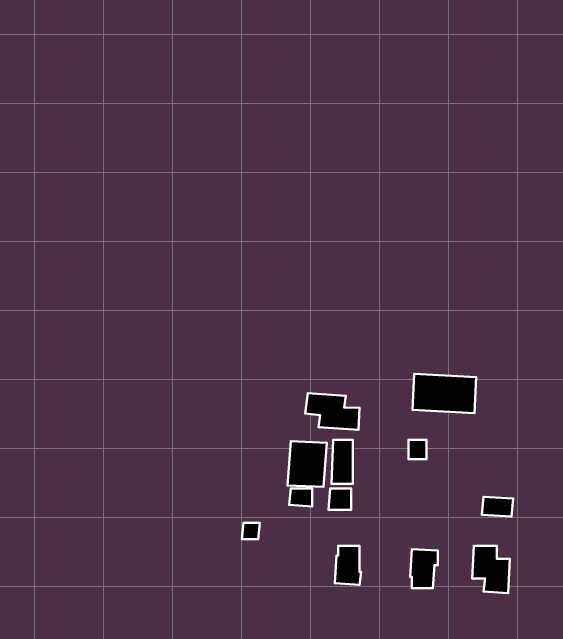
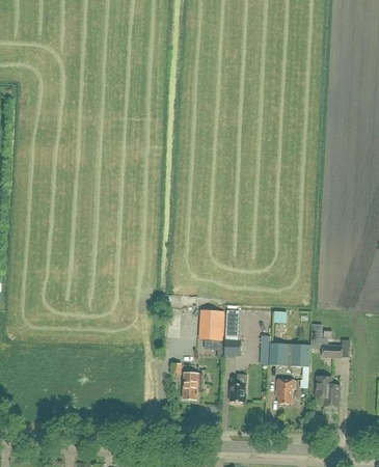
building: [412,374,476,413] -> [270,342,310,367]
building: [305,393,360,430] -> none
building: none -> [183,373,202,400]

